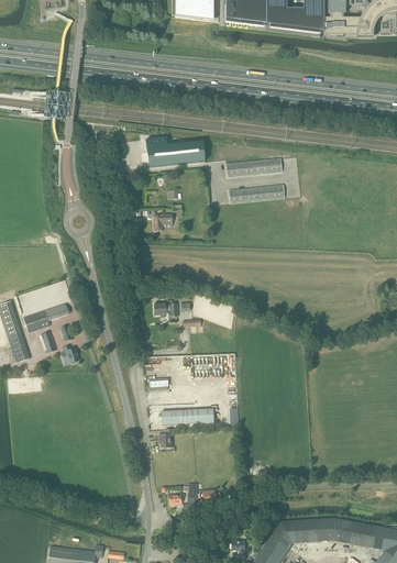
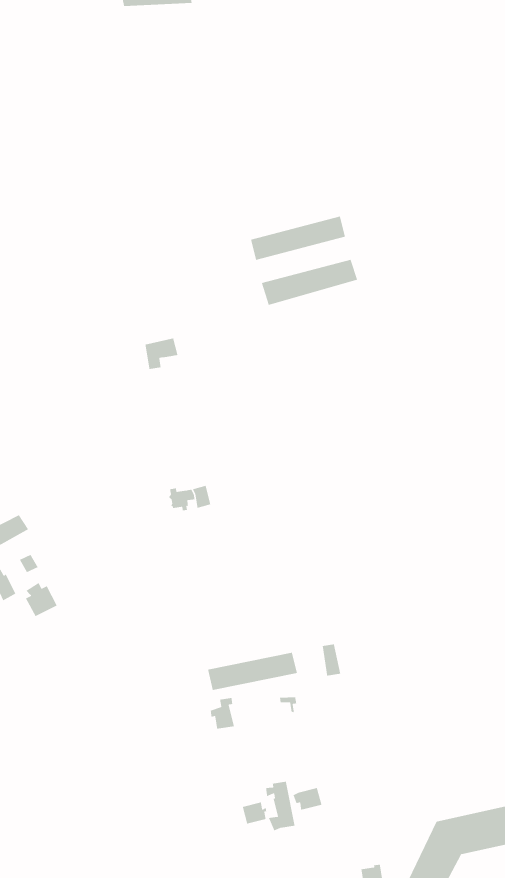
building: [146,135,205,166] -> none

